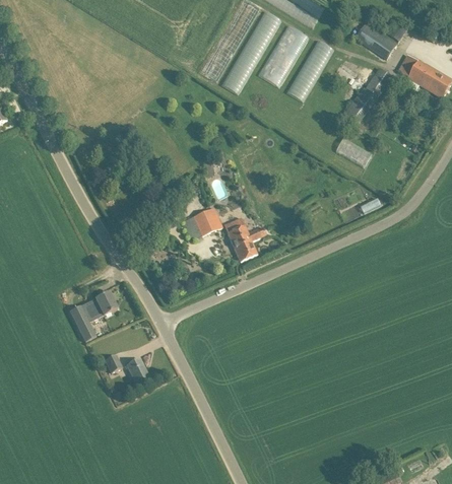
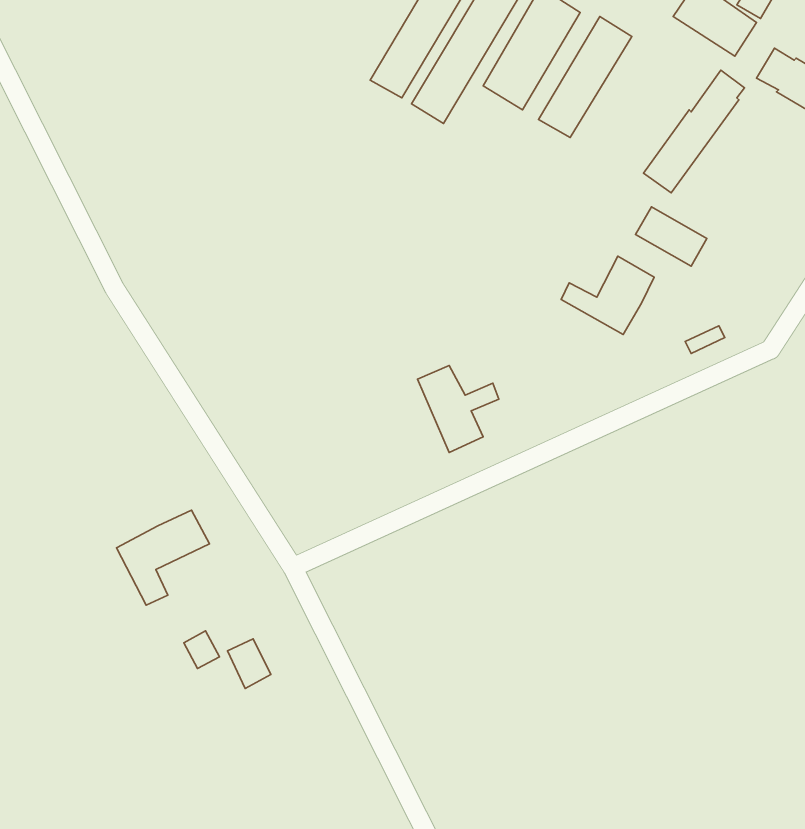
building: none -> [561,256,654,335]
building: [182,206,222,239] -> none

